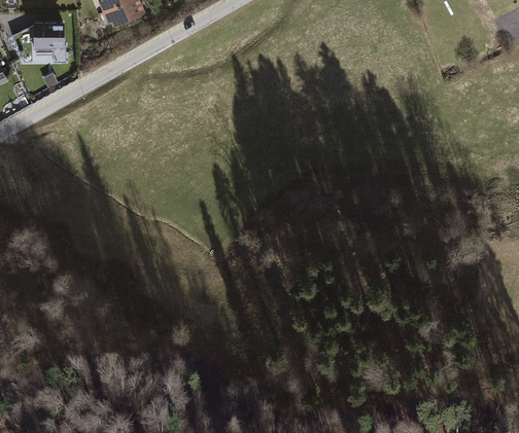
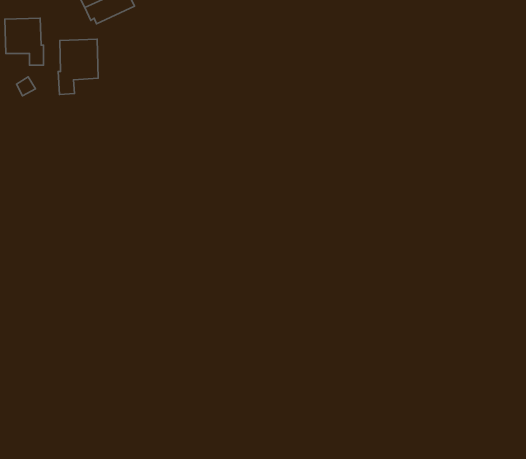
building: none -> [58,39,98,94]

